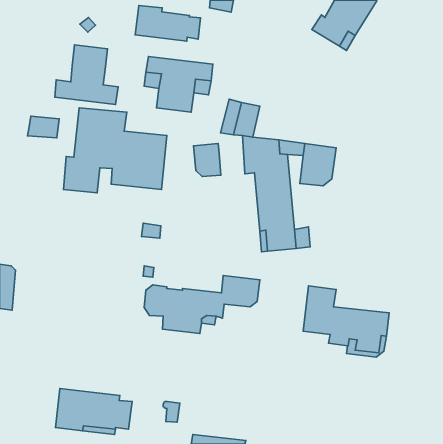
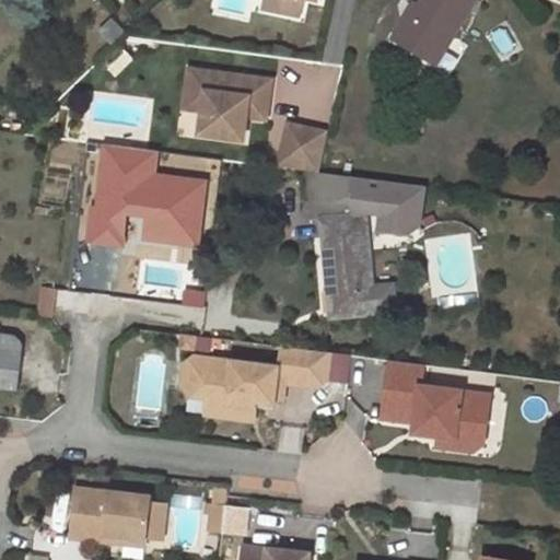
building: [135,5,201,41] -> none
building: [55,45,118,105] -> none
building: [27,116,59,138] -> none
building: [193,144,221,176] -> none

